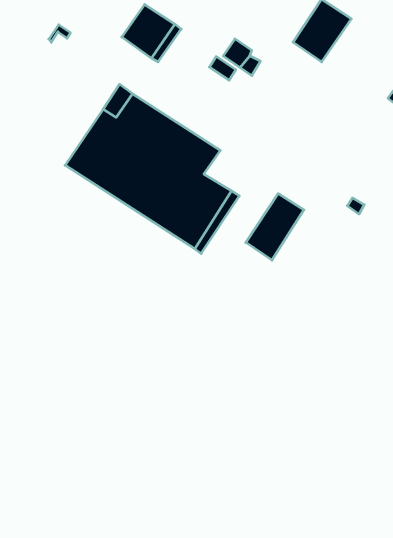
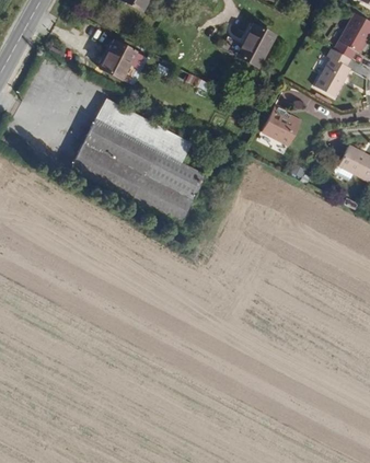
building: none -> [264,107,304,148]
building: [246,194,304,260] -> none

